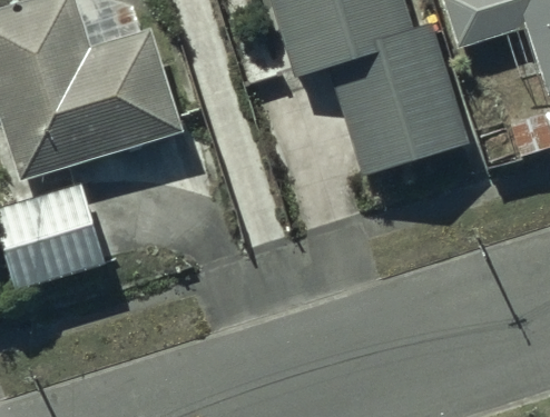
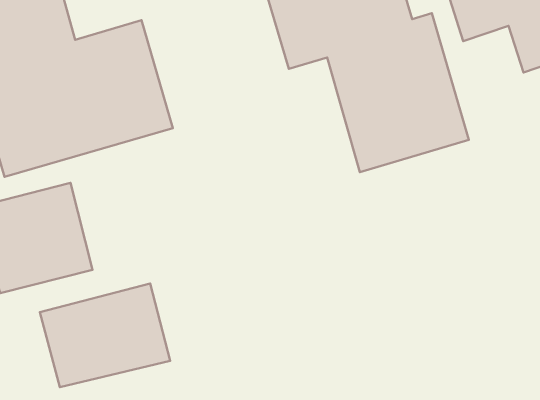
building: none -> [40,284,170,387]

